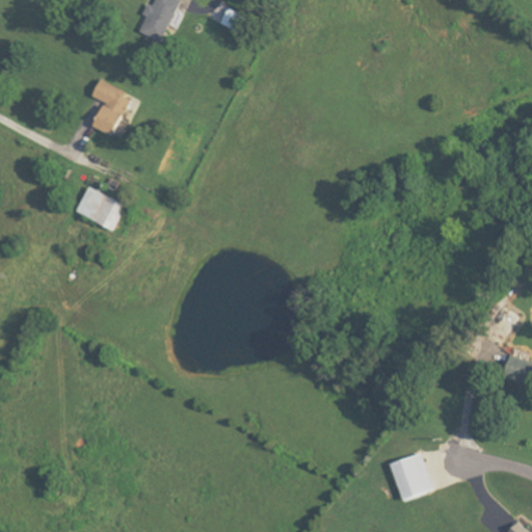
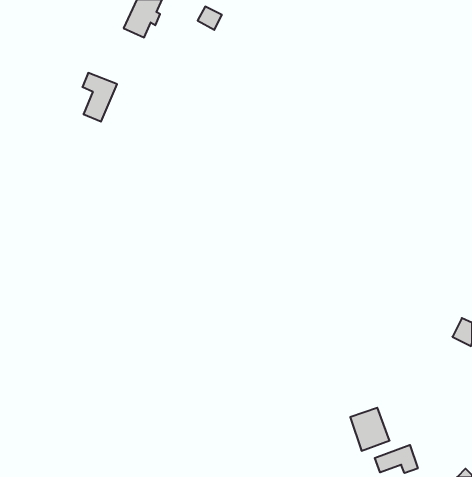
building: [75,186,125,230] -> none
building: none -> [375,445,418,473]

